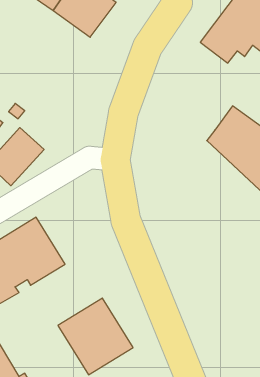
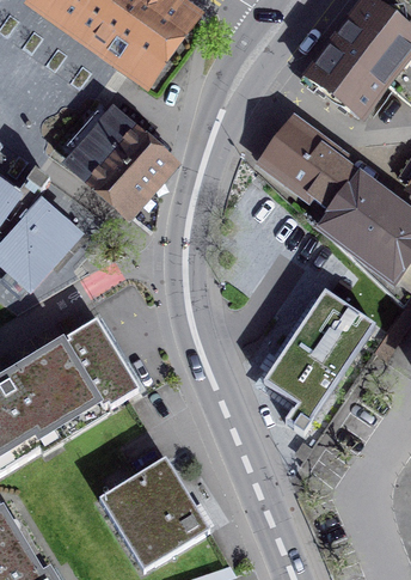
building: none -> [51,94,168,209]
building: none -> [262,122,355,206]
building: none -> [262,288,374,431]
building: none -> [65,316,139,404]

